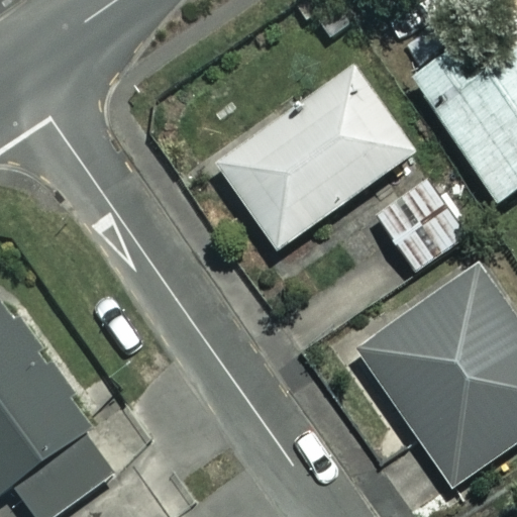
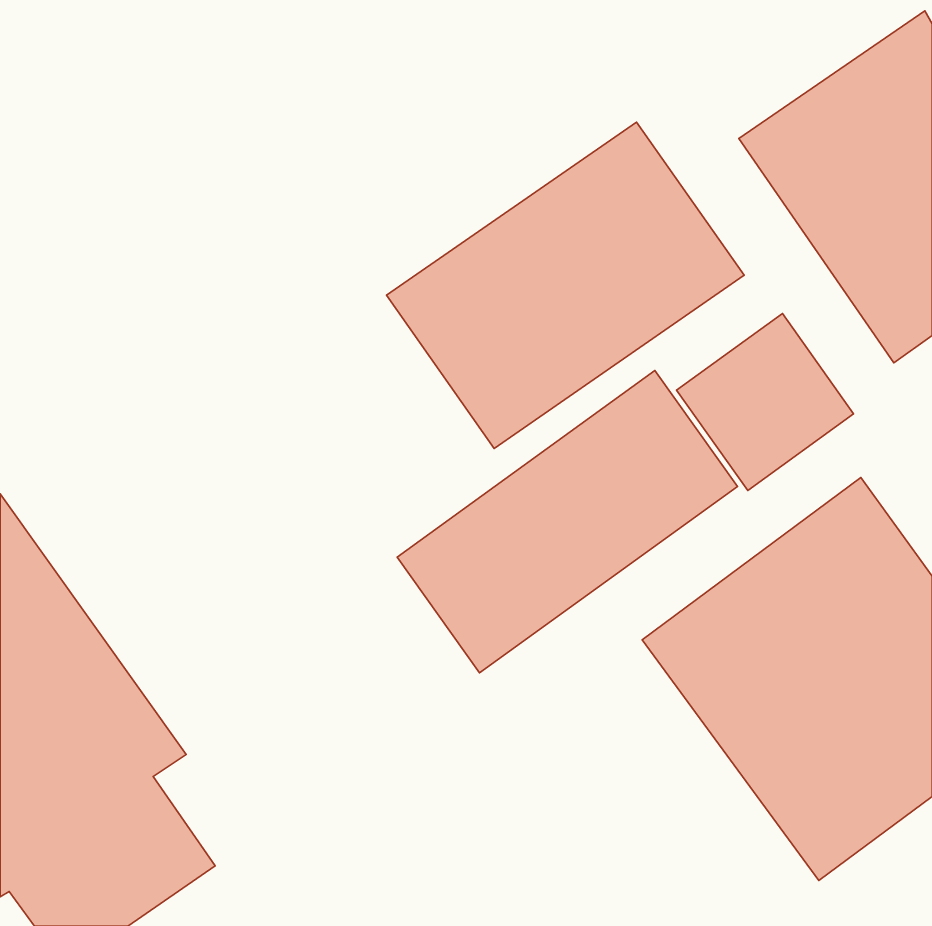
building: none -> [397,370,737,673]

